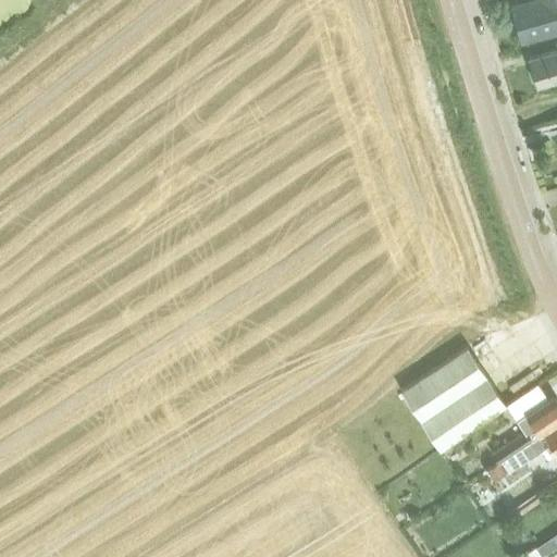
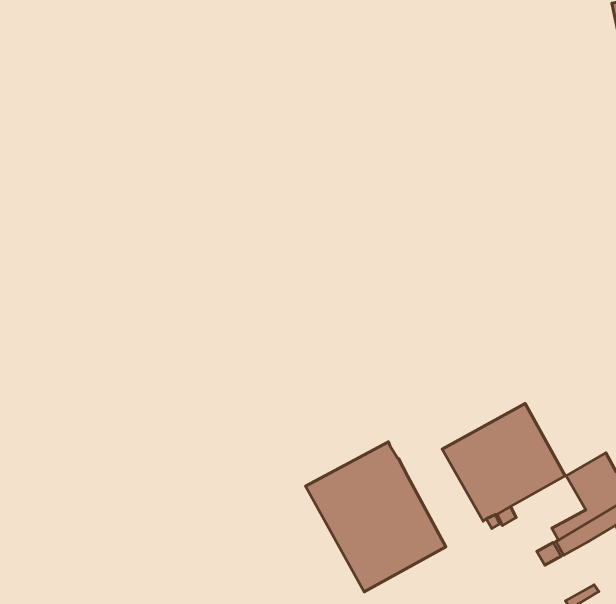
building: none -> [305,442,446,592]

